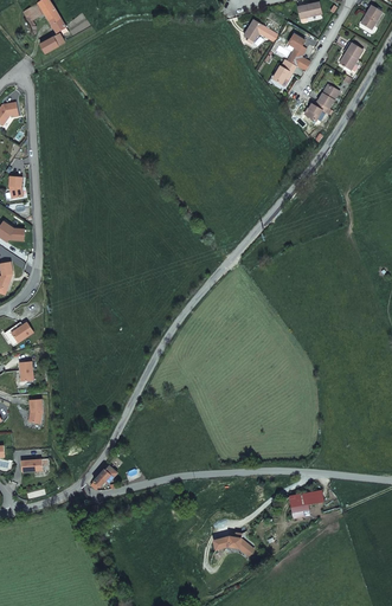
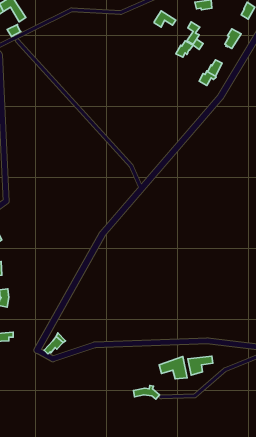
building: none -> [159,357,187,379]

